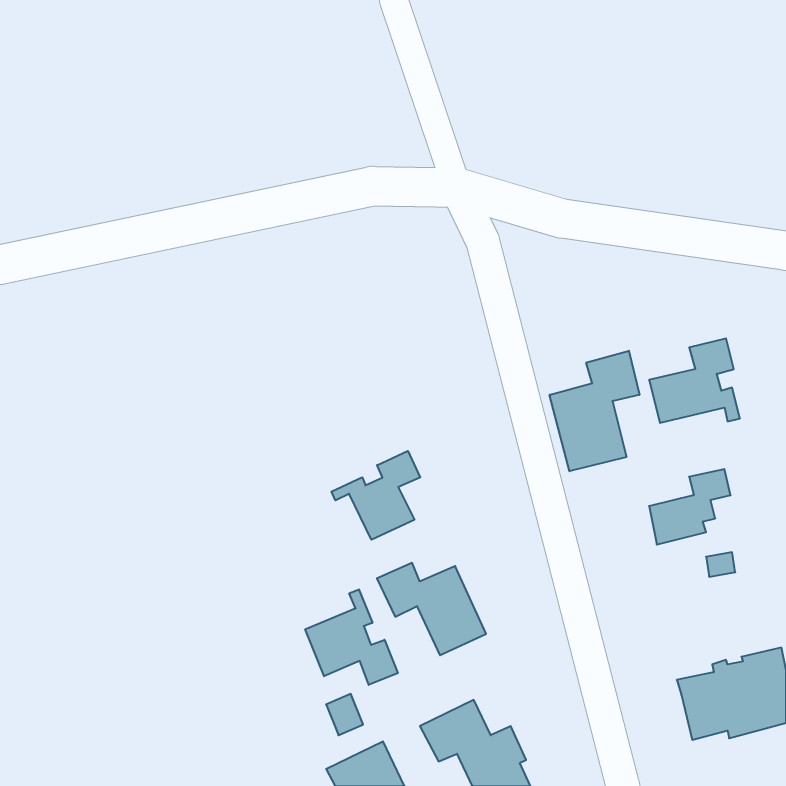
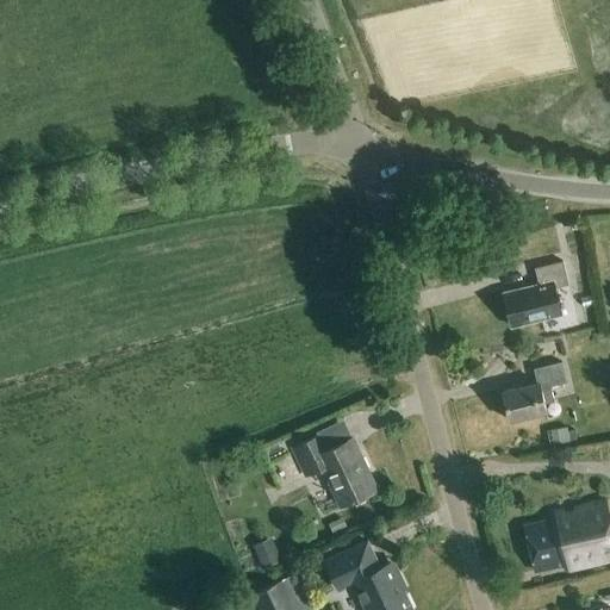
building: [550,351,639,471] -> none
building: [332,451,420,540] -> none
building: [305,589,398,685] -> none

